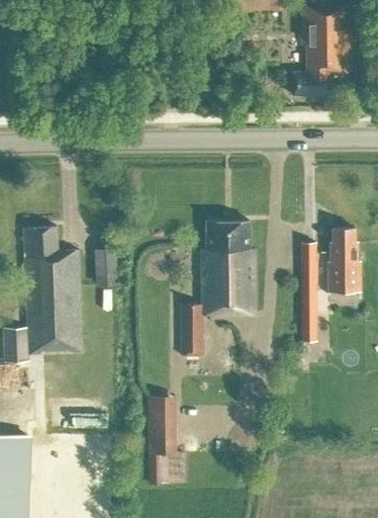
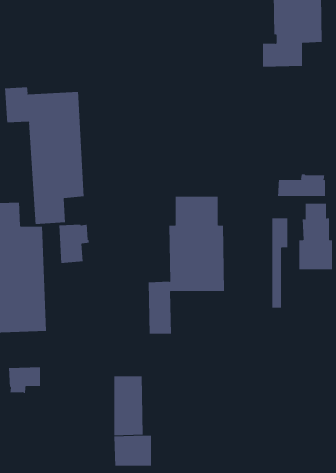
building: none -> [5,87,84,225]
building: none -> [277,174,326,197]
building: none -> [9,366,41,394]

